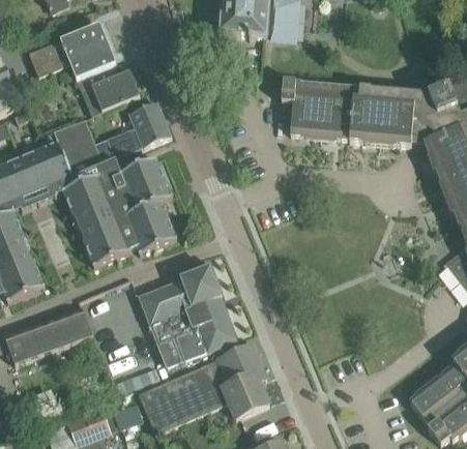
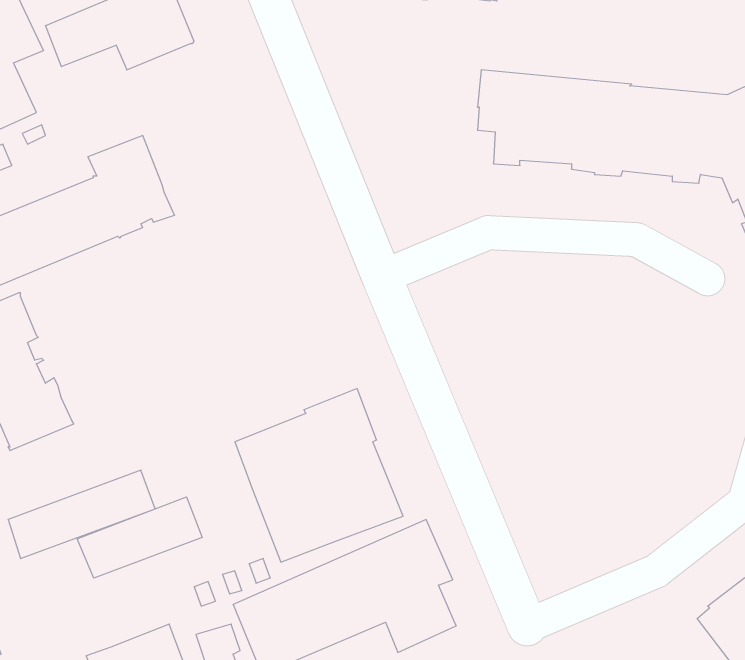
building: [76,63,139,114] -> none
building: [96,101,170,163] -> none
building: [62,157,176,265] -> none
building: none -> [77,497,202,578]

